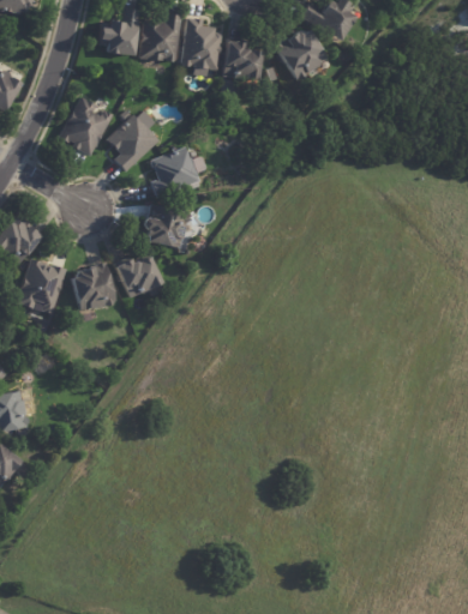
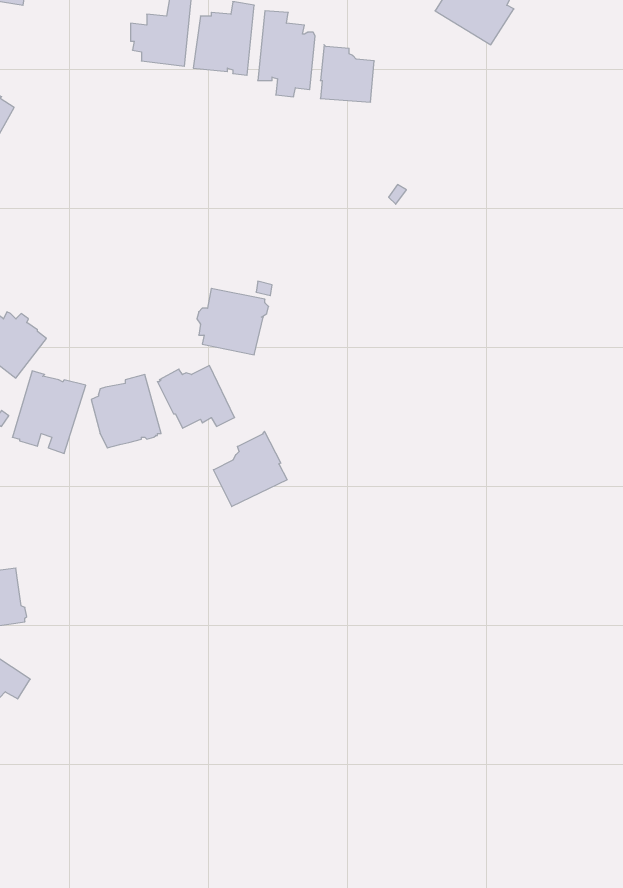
building: [274,29,325,78] -> none
building: [58,96,112,156] -> none
building: [106,110,157,171] -> none
building: [150,146,204,195] -> none
building: none -> [213,431,287,507]

